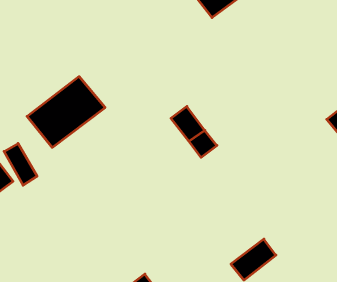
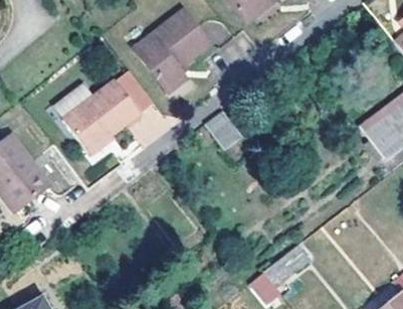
building: none -> [133,11,208,93]

